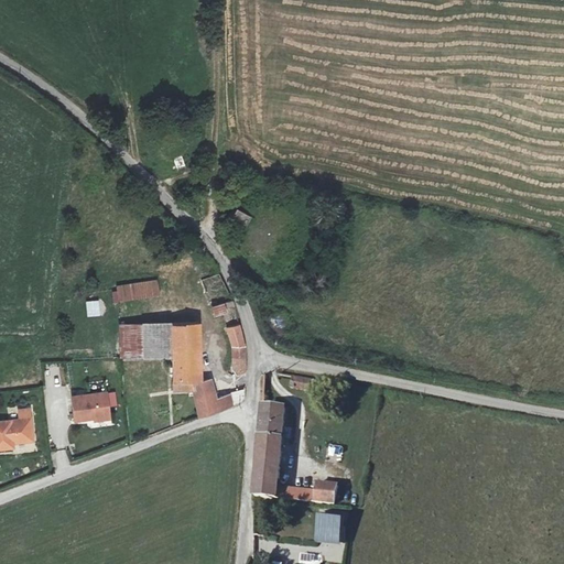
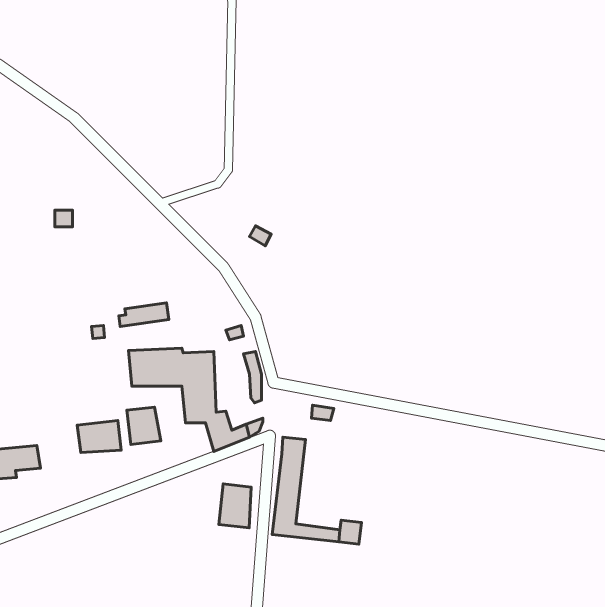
building: none -> [127,407,161,444]
building: none -> [219,484,251,528]
building: [318,512,340,540] -> none

